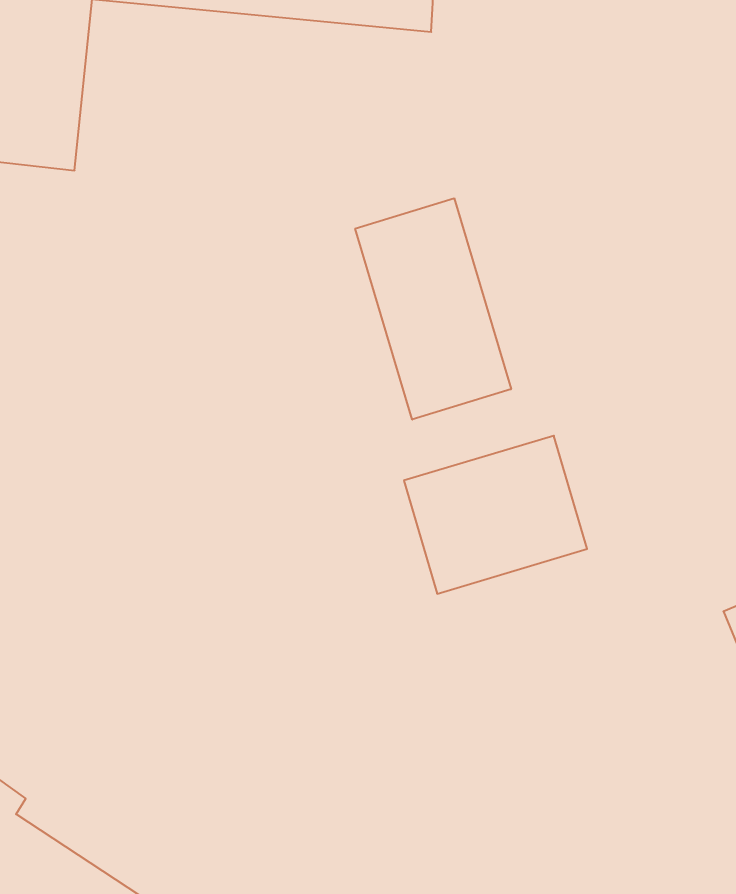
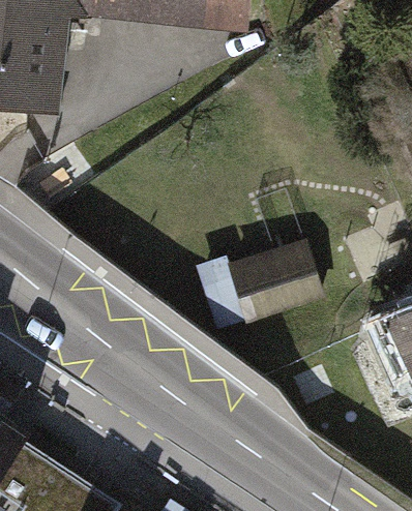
building: [355,198,511,420] -> none

